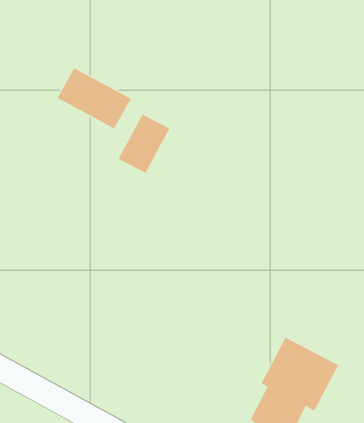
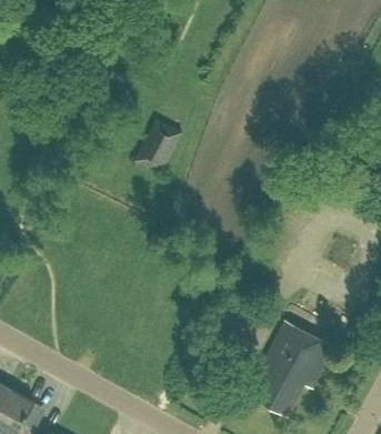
building: [56,67,132,130] -> none

